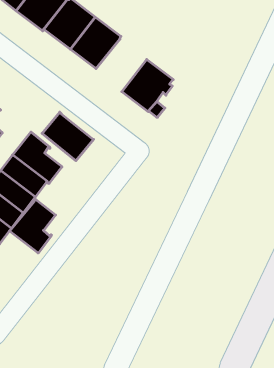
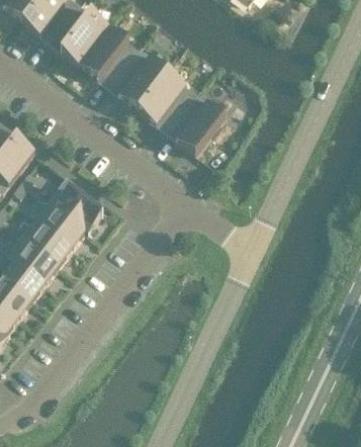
building: none -> [138,73,194,130]
building: [42,112,94,161] -> none
building: [9,199,56,253] -> none

